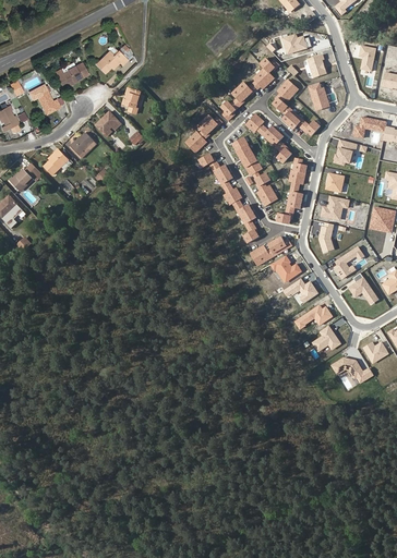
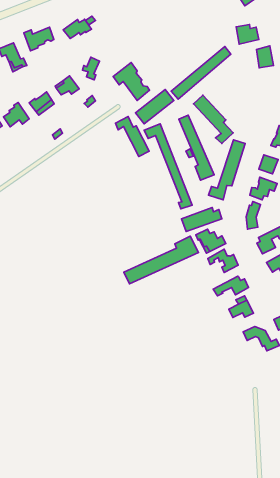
building: [270,80,321,136] -> none
building: [308,81,330,111] -> none
building: none -> [113,63,150,100]
building: none -> [116,116,149,156]
building: none -> [124,236,198,284]

